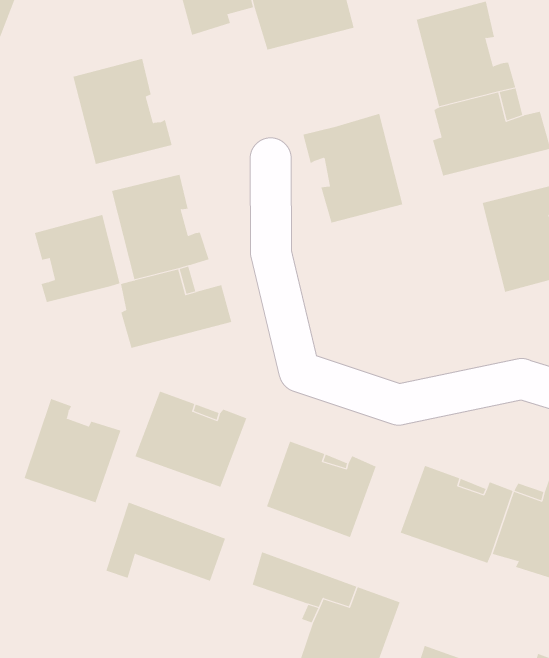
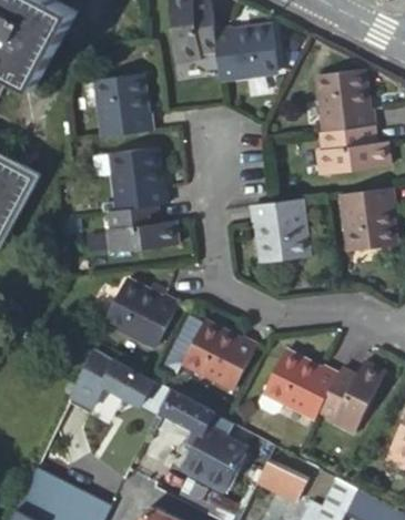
building: [303,113,403,223] -> [250,196,306,261]
building: [34,214,120,303] -> none
building: [24,398,121,503] -> none

